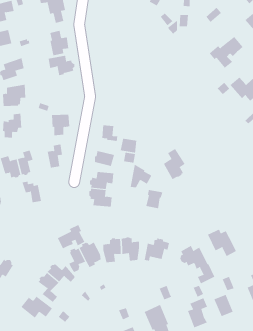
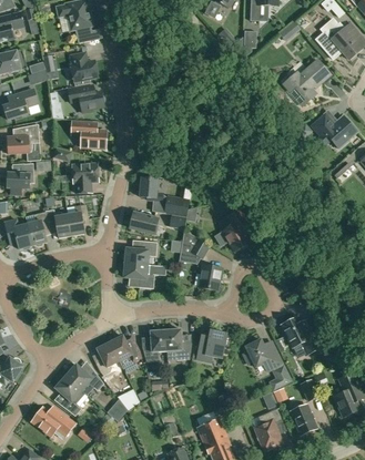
building: none -> [71,122,105,149]
building: [22,181,42,203] -> [44,209,71,238]
building: [57,224,85,249] -> none

